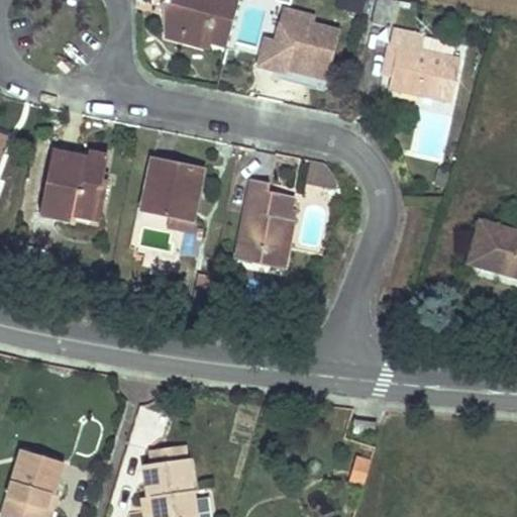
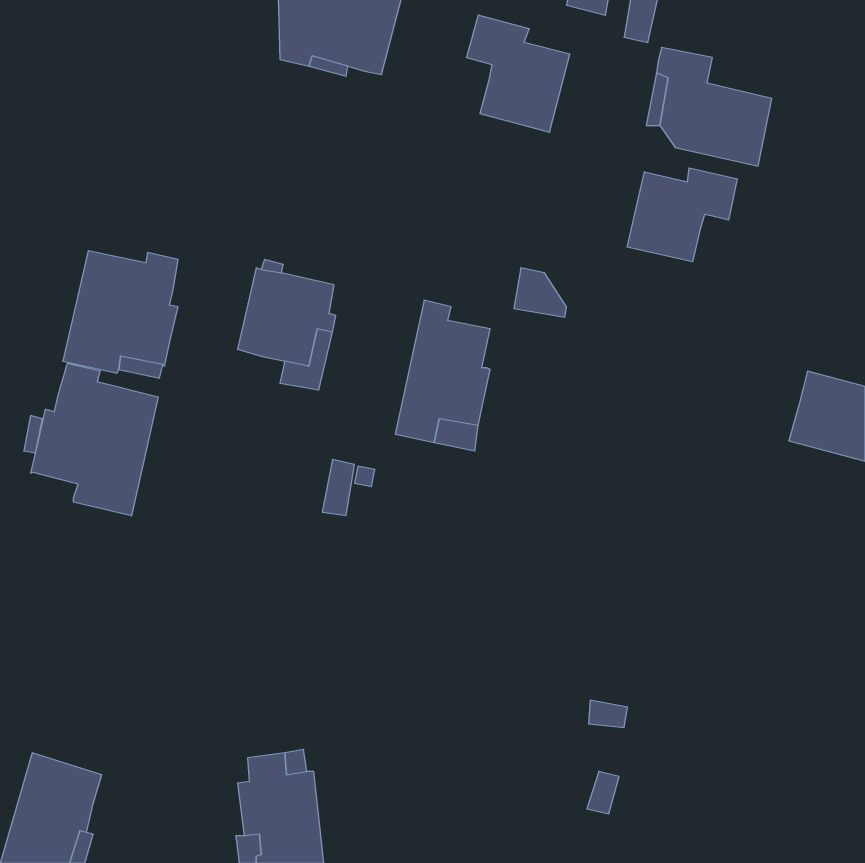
building: [261,32,293,69] -> none
building: none -> [627,168,737,262]
building: none -> [31,363,158,516]

